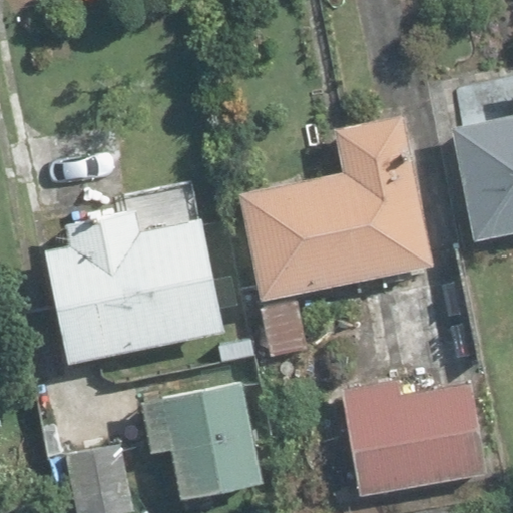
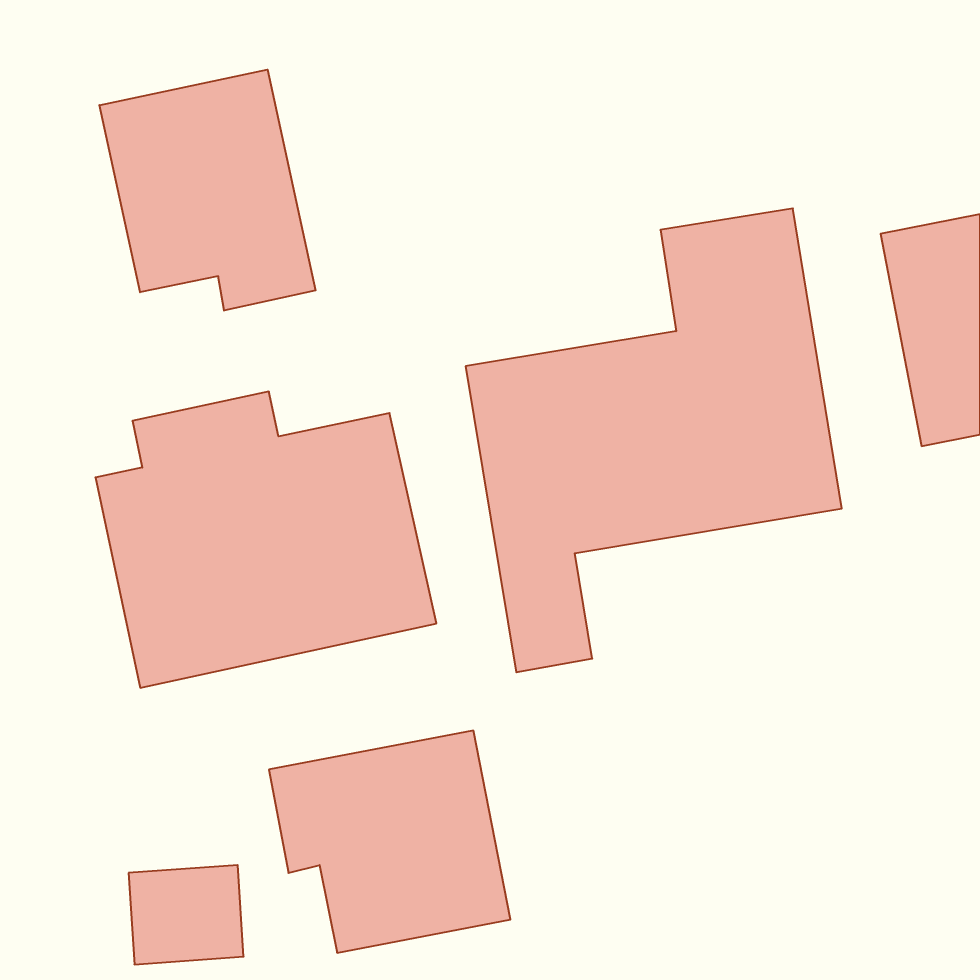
building: none -> [99,70,316,311]
building: [342,380,482,497] -> none

